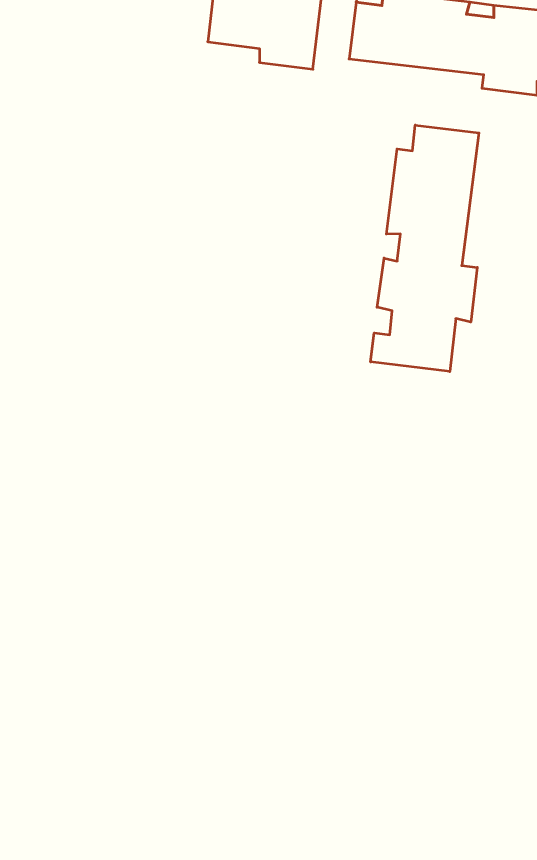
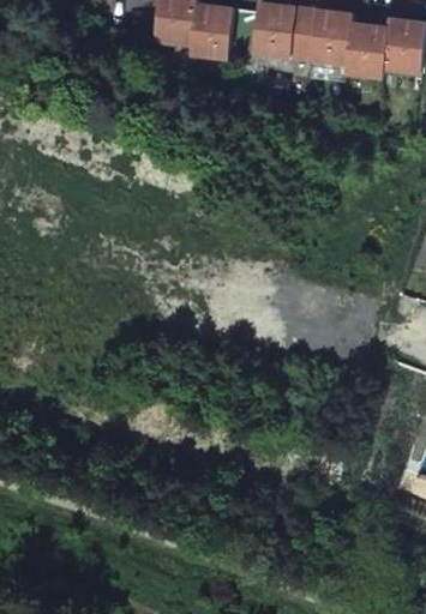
building: [371,125,479,372] -> none

